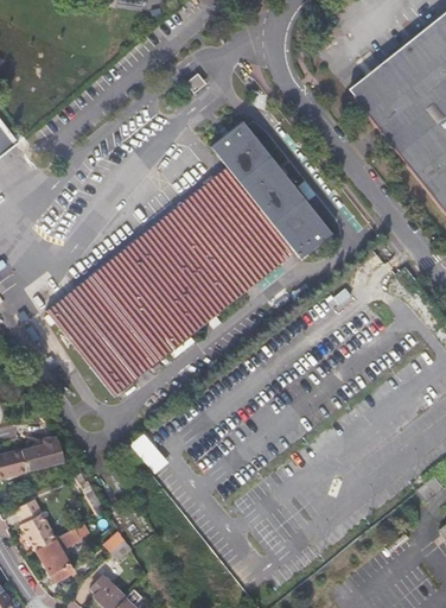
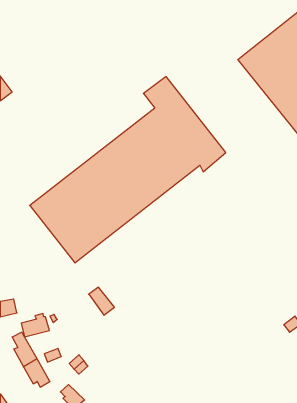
building: [23,435,64,469] -> [21,314,49,337]

